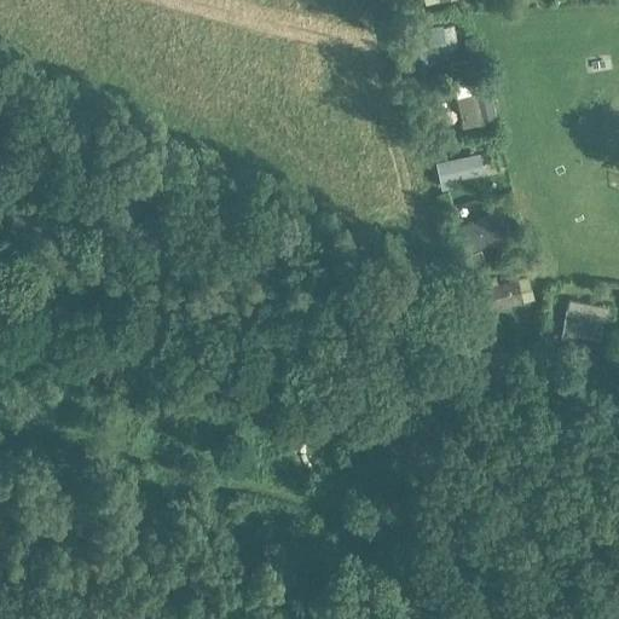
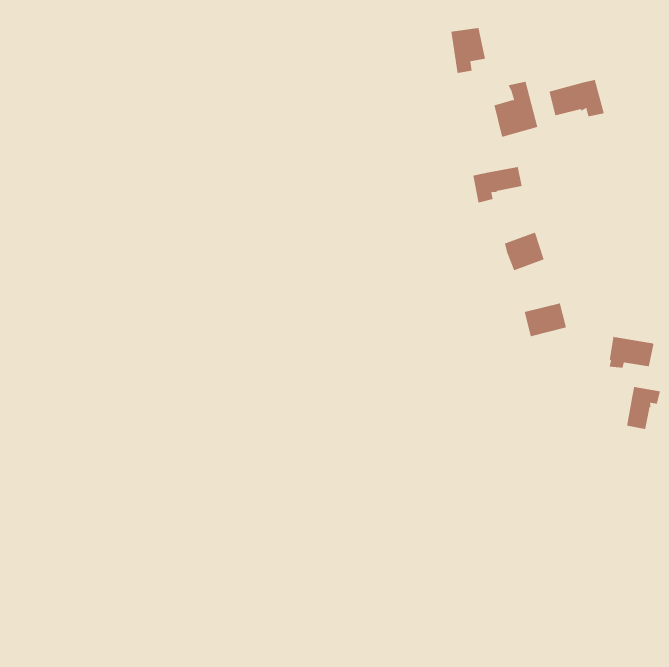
building: none -> [549,79,604,117]
building: none -> [626,386,660,430]

